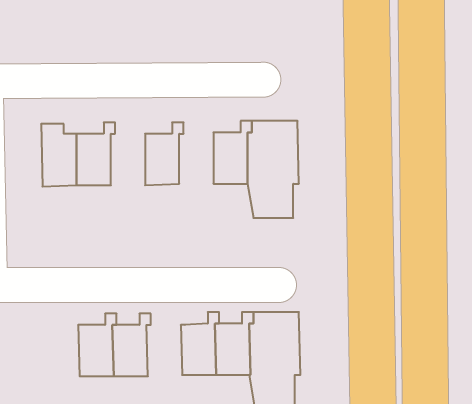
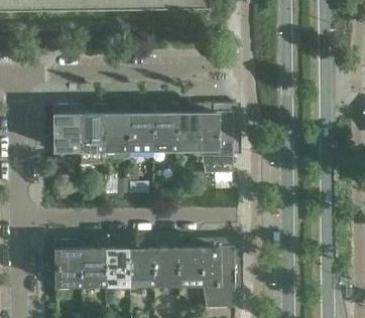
building: none -> [151,107,178,151]
building: none -> [103,108,130,152]
building: none -> [55,243,81,288]
building: none -> [128,243,155,287]

